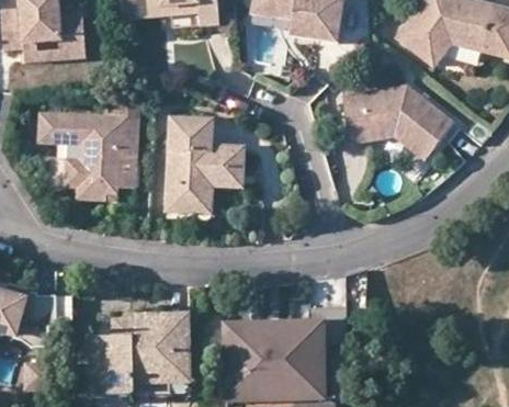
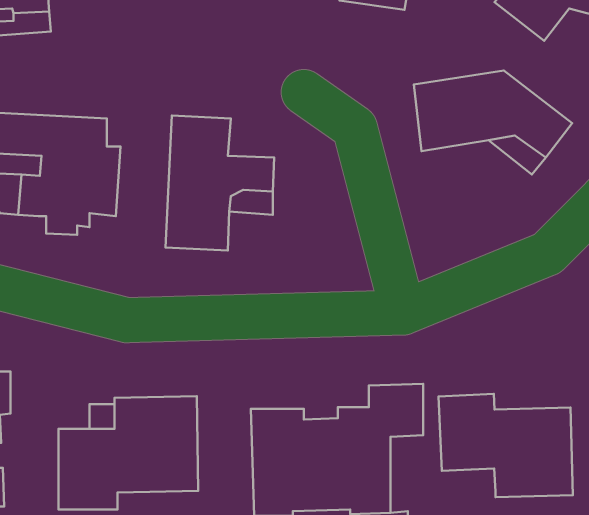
building: none -> [438,394,573,497]

